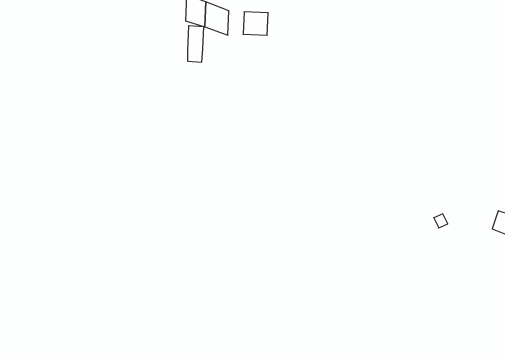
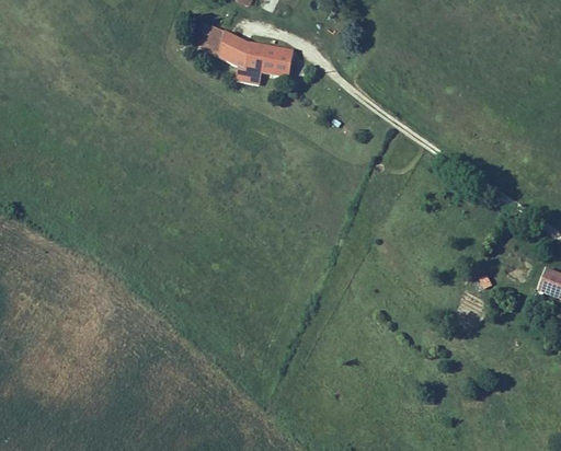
building: [188,26,204,62] -> [253,46,271,85]

